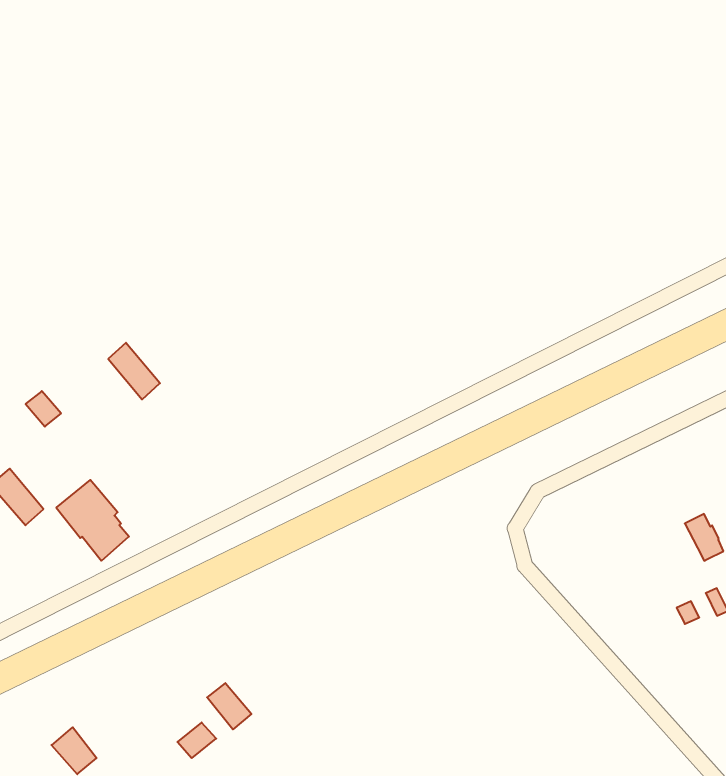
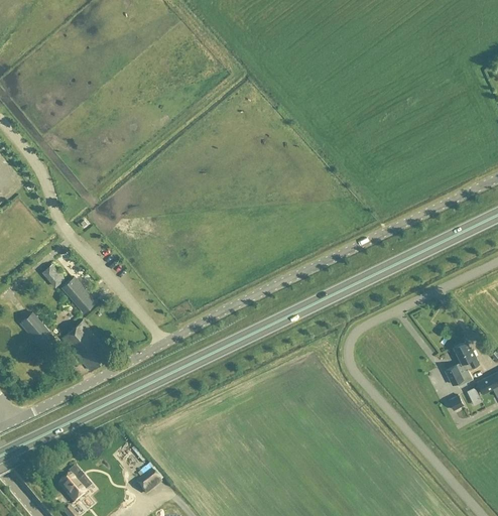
building: [108,343,160,399] -> [63,276,95,311]
building: none -> [445,362,472,386]
building: [207,683,251,729] -> none

